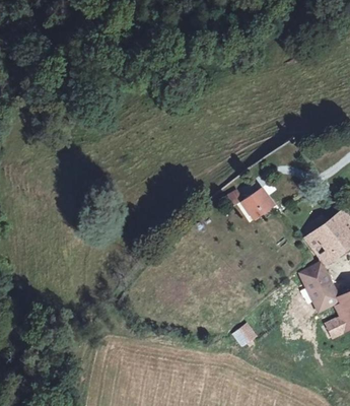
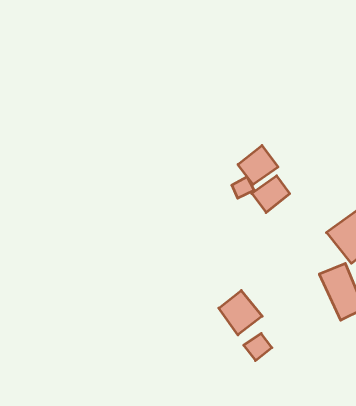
building: none -> [238,145,278,184]
building: none -> [219,290,262,335]

